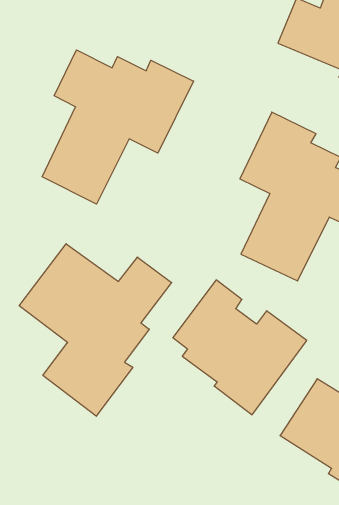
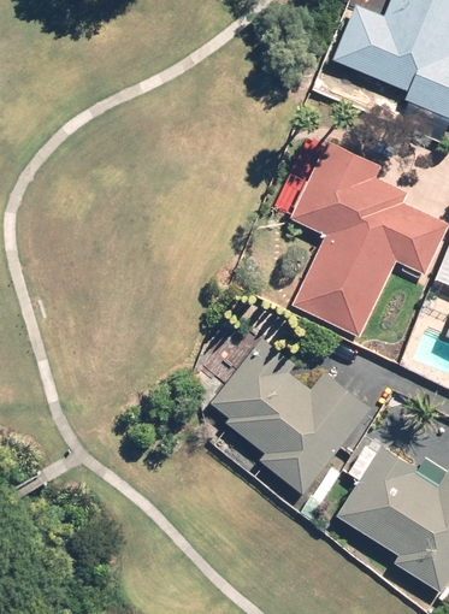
building: [42,50,194,204] -> none
building: [19,244,172,416] -> none

